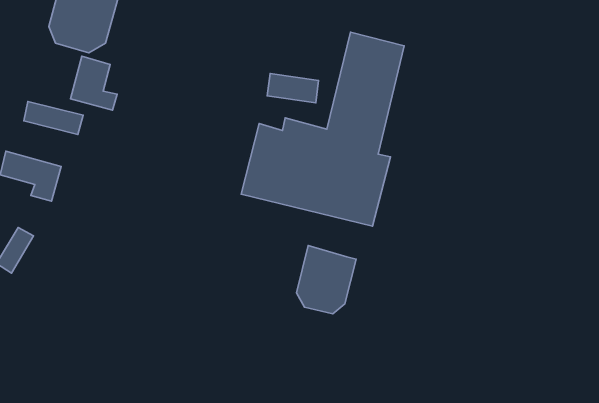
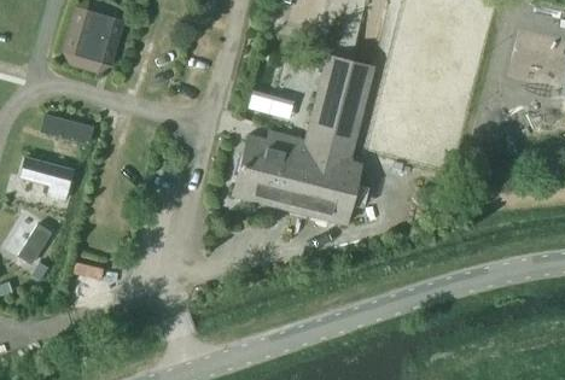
building: [70,56,117,110] -> none
building: [297,245,356,314] -> none

